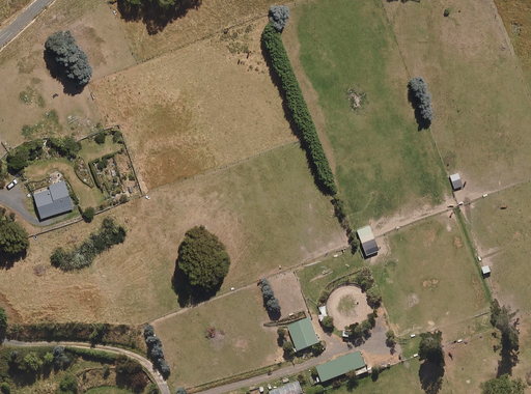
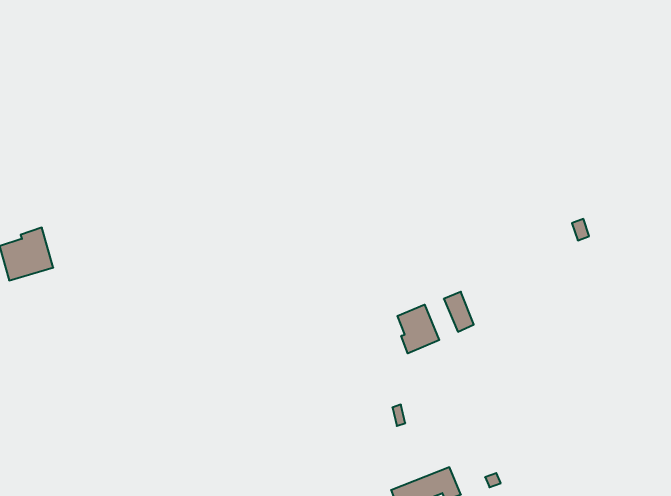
building: none -> [397,305,439,353]
building: [288,316,320,350] -> none

